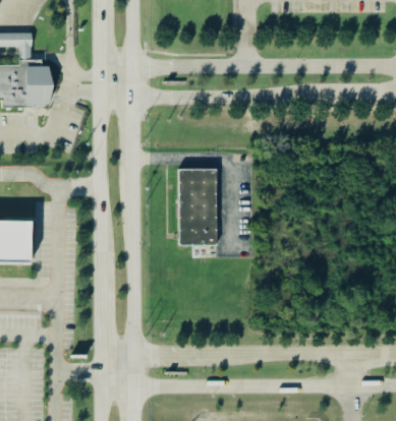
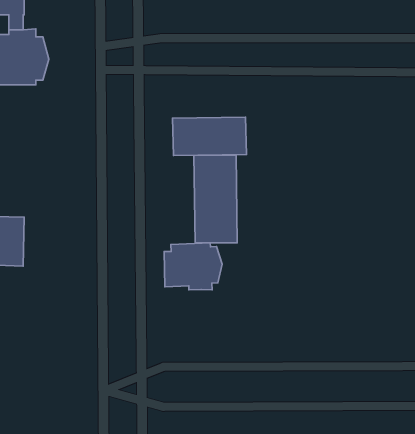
building: none -> [172,117,247,155]
building: none -> [164,243,222,290]

